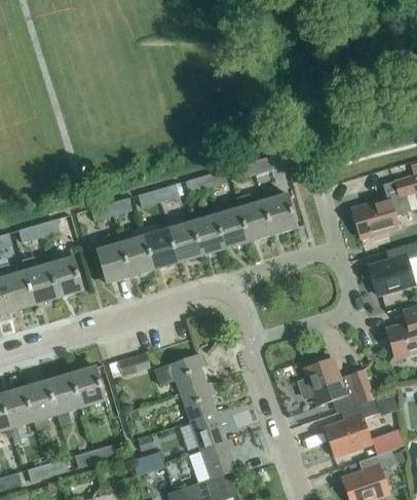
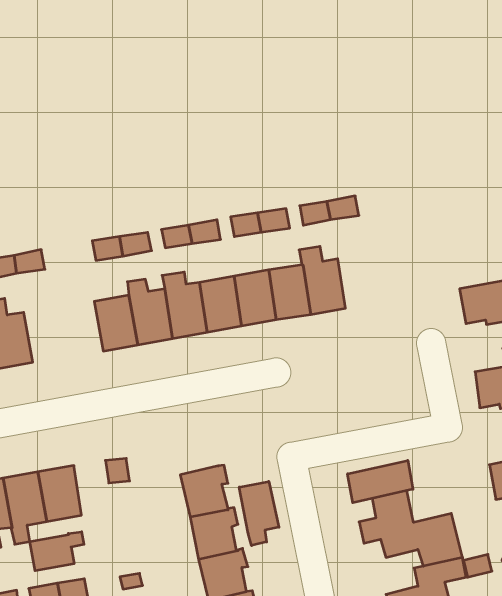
building: [263,193,297,234] -> none
building: [48,256,82,297] -> none
building: none -> [348,460,413,503]
building: none -> [239,481,279,546]
building: none -> [30,532,84,571]

